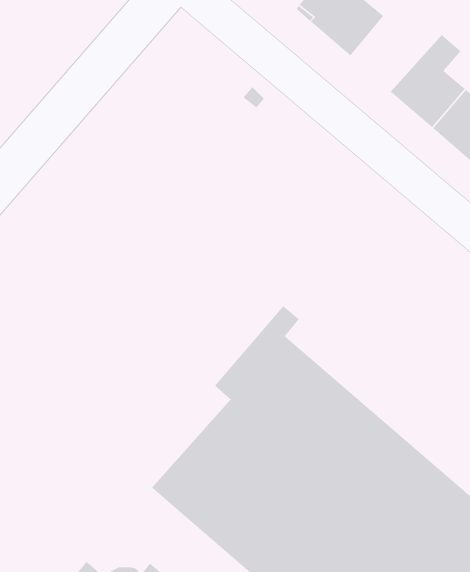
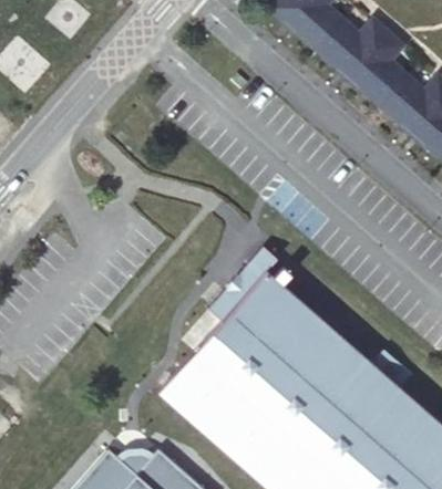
building: none -> [317,20,389,80]

